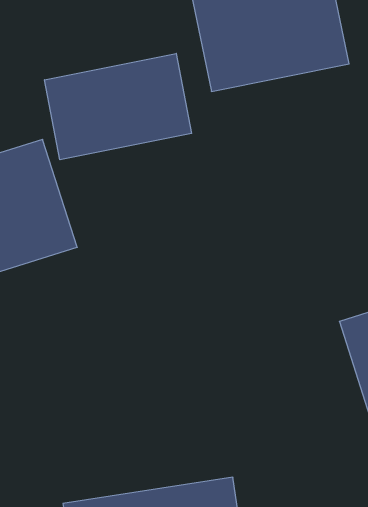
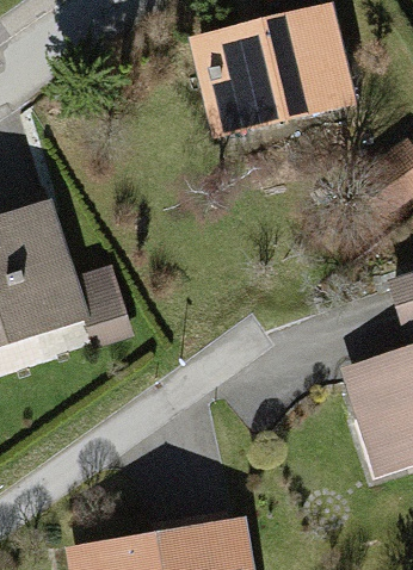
building: [45,53,192,160] -> none

